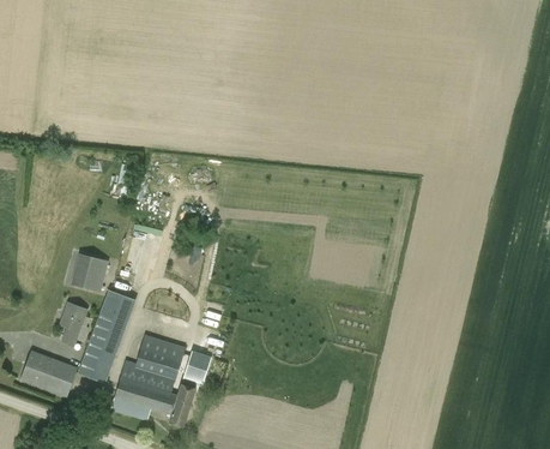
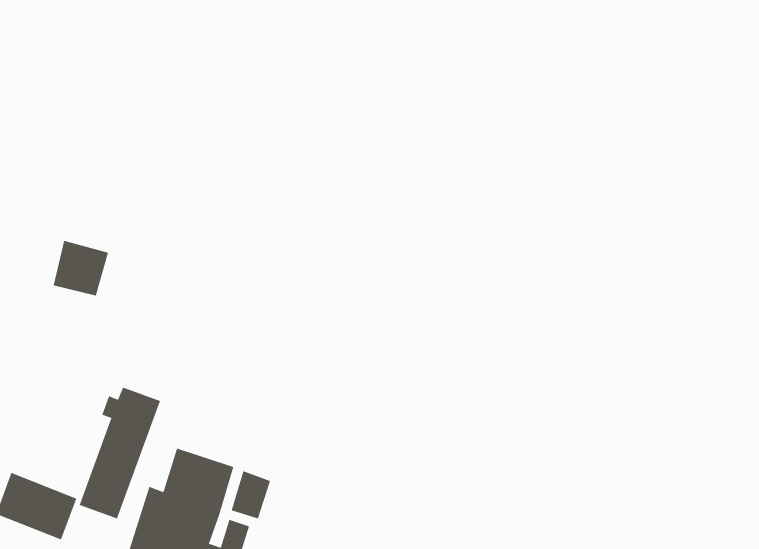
building: [71,252,109,291] -> [53,240,109,296]
building: [59,303,90,347] -> none

